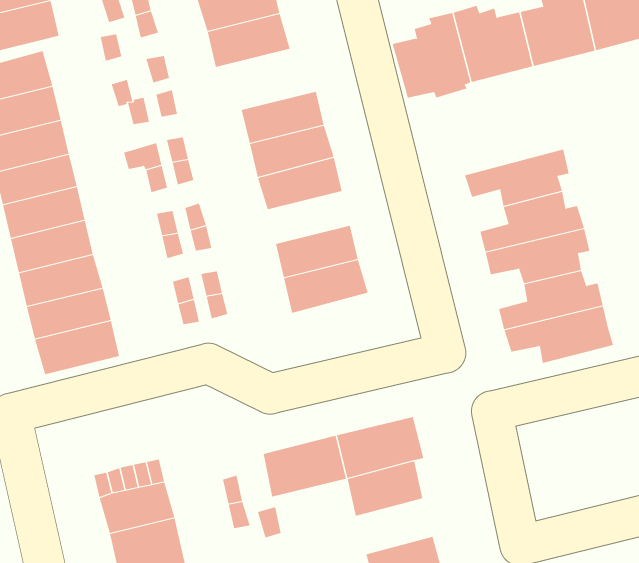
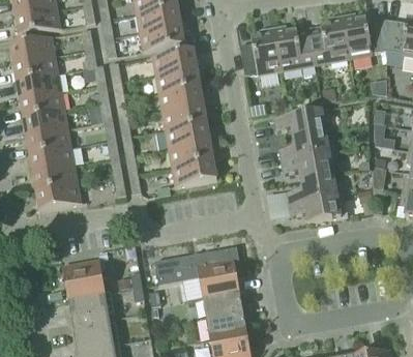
building: none -> [152,48,197,75]
building: none -> [166,122,210,148]
building: none -> [202,291,243,319]

